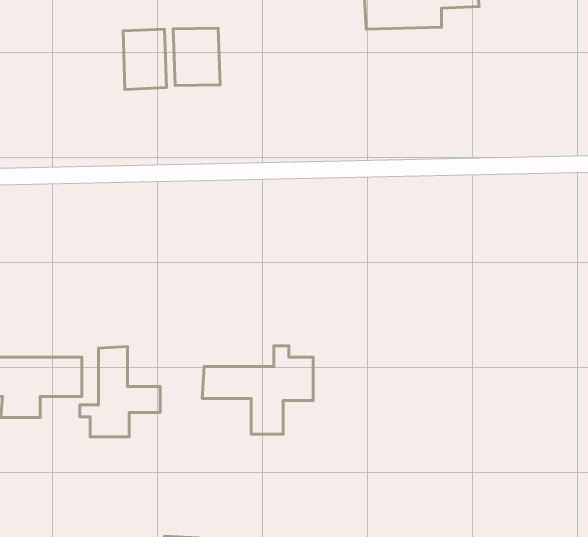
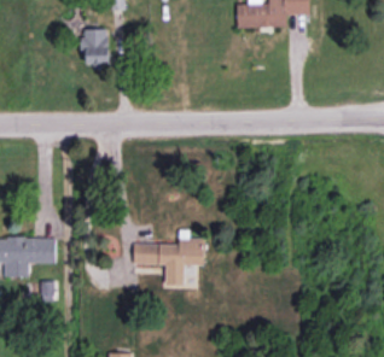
building: [173,28,220,86] -> none
building: [80,347,160,437] -> none

